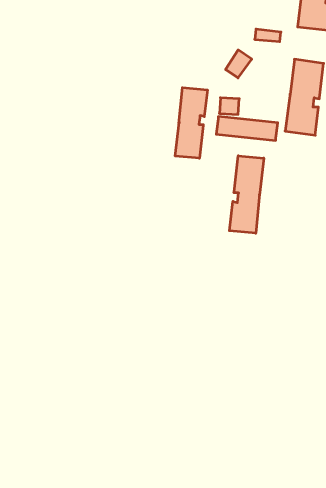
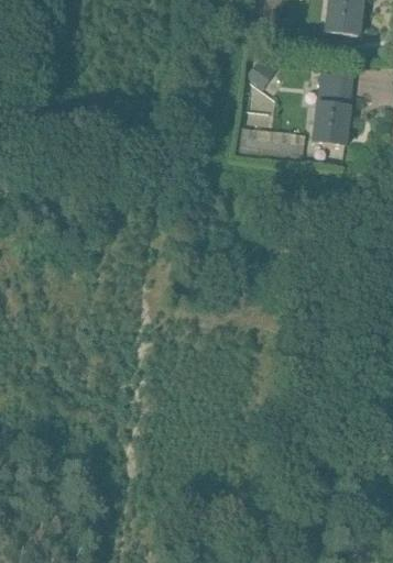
building: [175,88,207,158] -> none
building: [229,156,264,233] -> none

